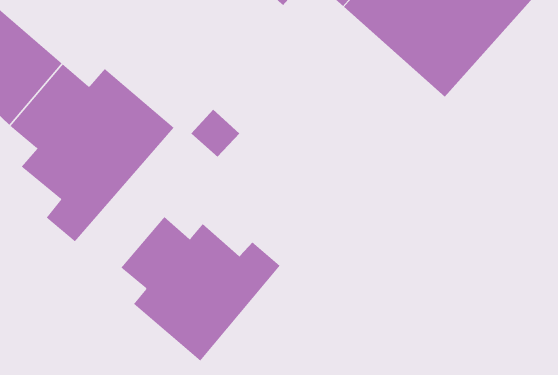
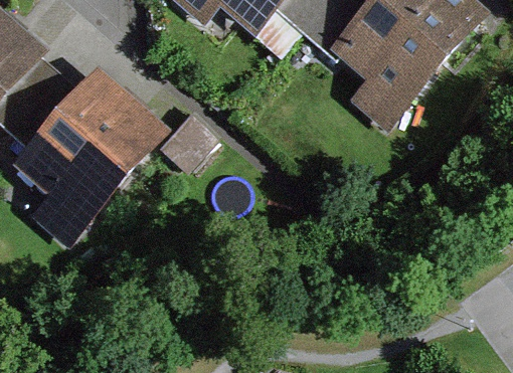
building: [121,216,280,361] -> none

